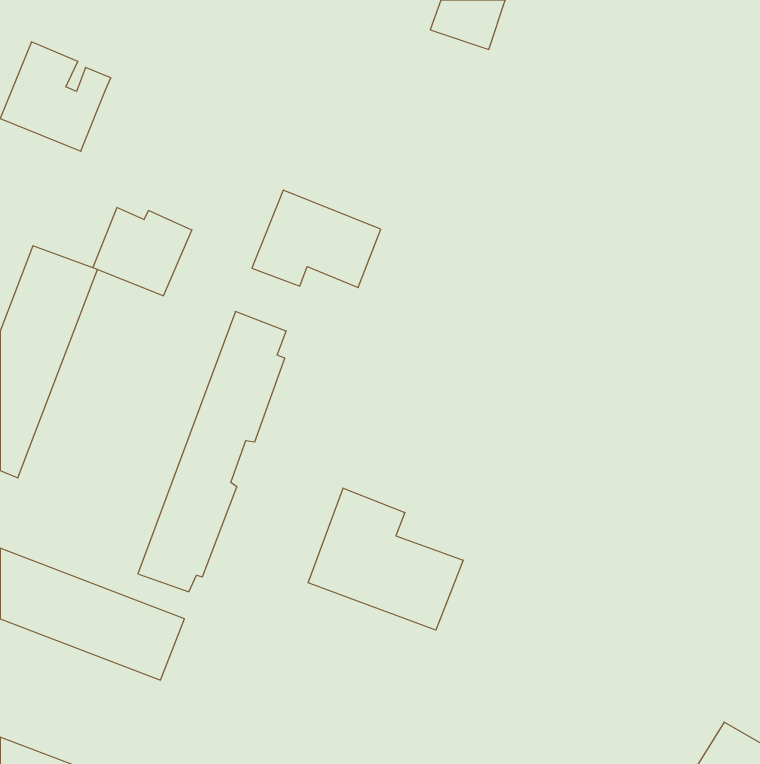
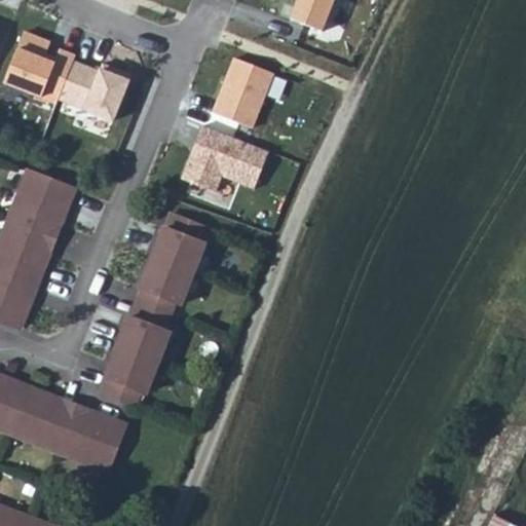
building: none -> [211,59,275,130]
building: [93,208,192,296] -> [60,64,127,124]
building: [308,488,463,630] -> none

